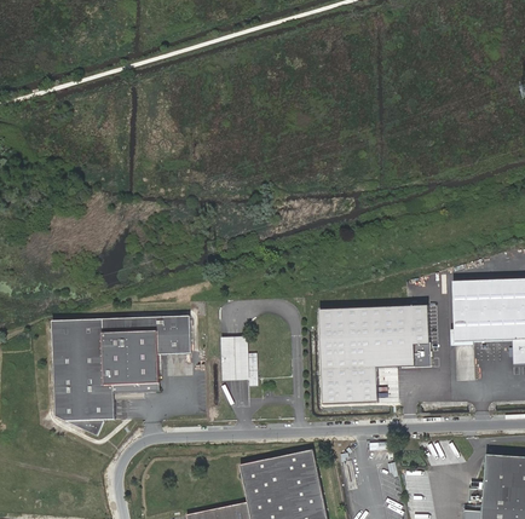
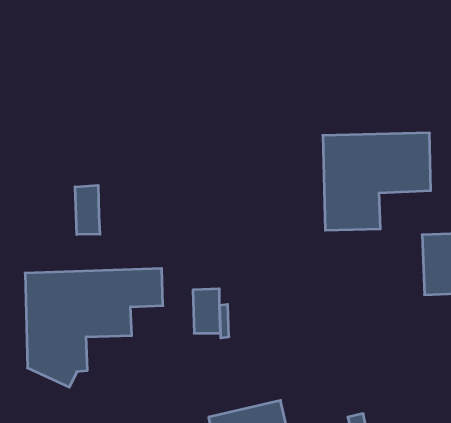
building: none -> [75,185,100,235]
building: [321,306,429,404] -> [323,133,431,230]

